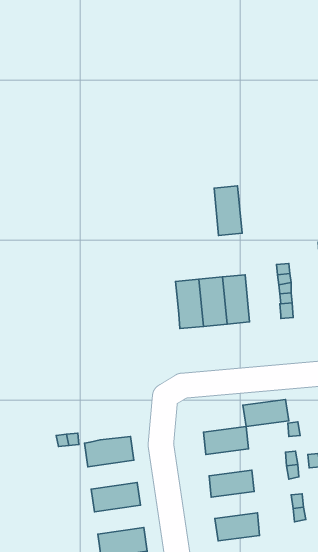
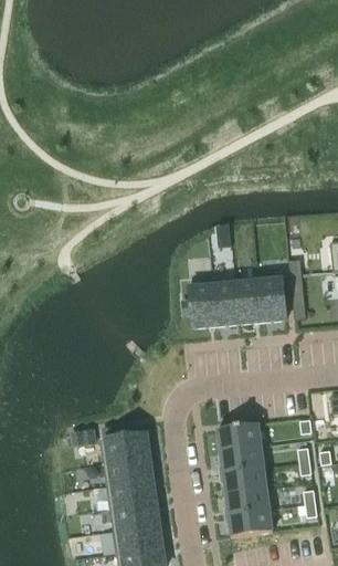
building: [214,186,242,235] -> [258,272,286,321]
building: [243,399,289,426] -> [220,446,265,472]
building: none -> [104,457,152,485]
building: none -> [225,488,271,514]
building: none -> [110,501,159,530]

